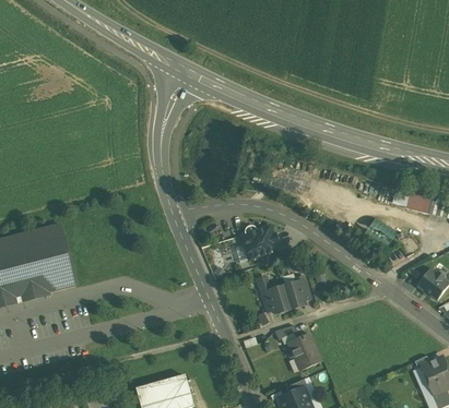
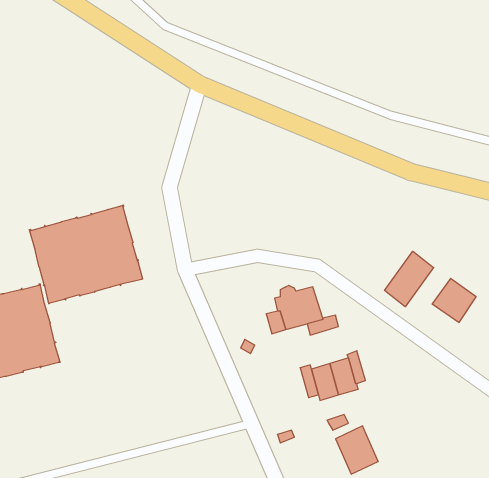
building: none -> [29,205,143,304]
building: none -> [385,251,434,307]

